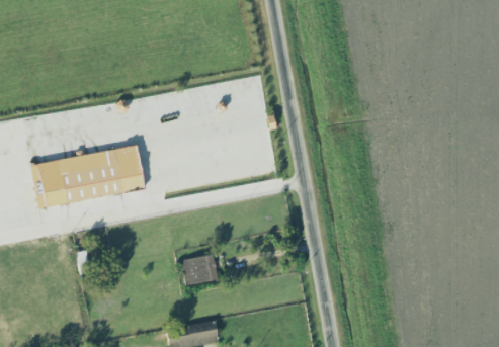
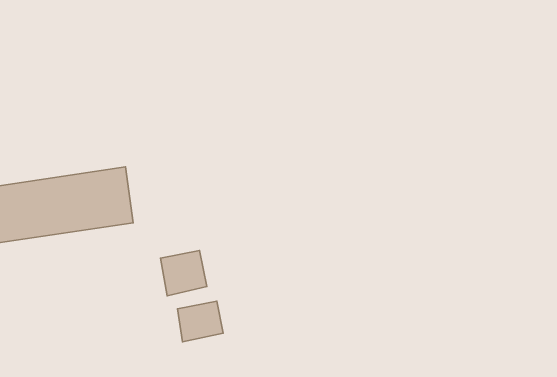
building: none -> [161,250,207,296]

